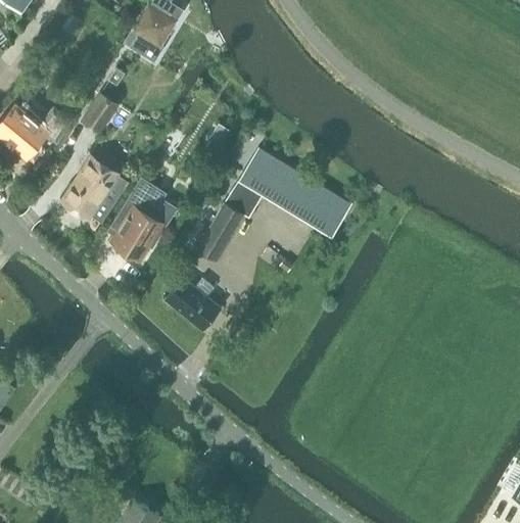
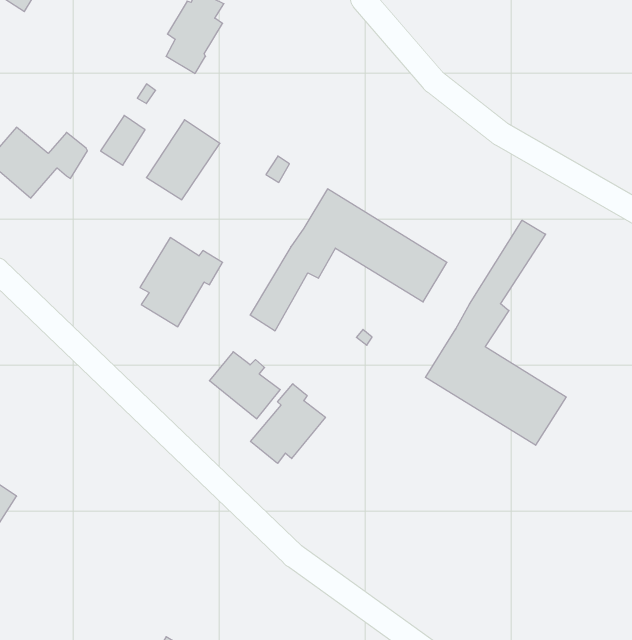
building: [61,156,119,219] -> [146,120,220,200]
building: none -> [425,220,566,445]
building: none -> [251,384,325,463]

